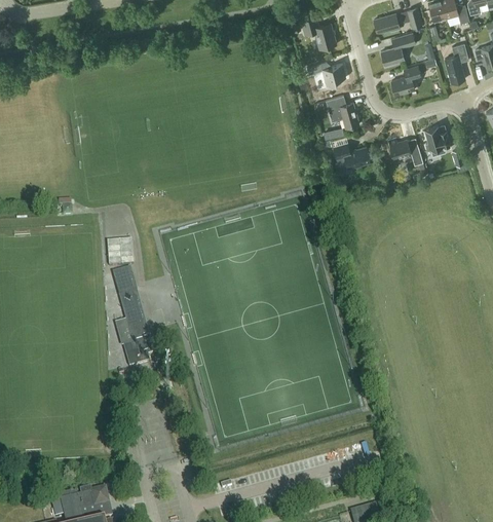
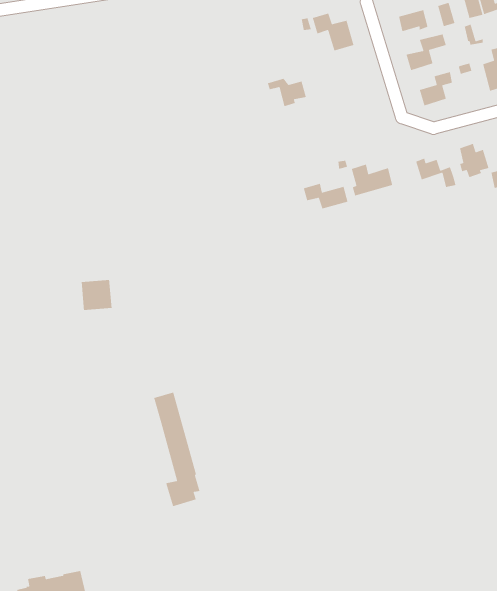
building: [312,62,346,86] -> [267,78,307,107]
building: [326,96,359,128] -> none
building: none -> [303,183,349,210]
building: [112,269,152,367] -> [153,392,201,507]

